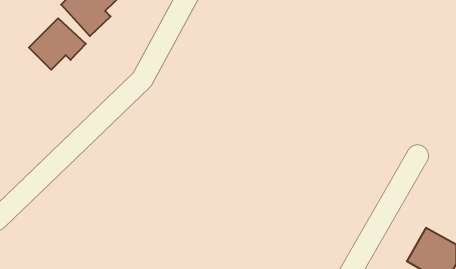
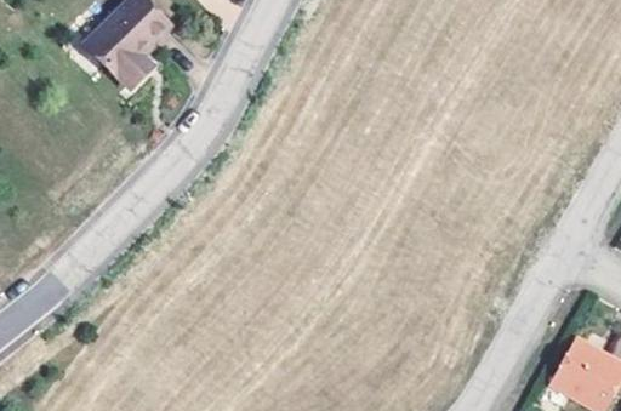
building: [29,18,86,70] -> none

